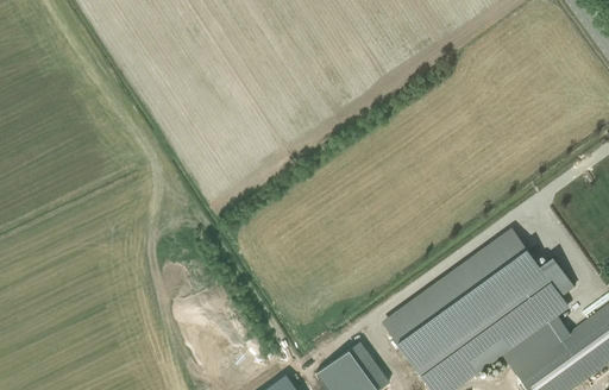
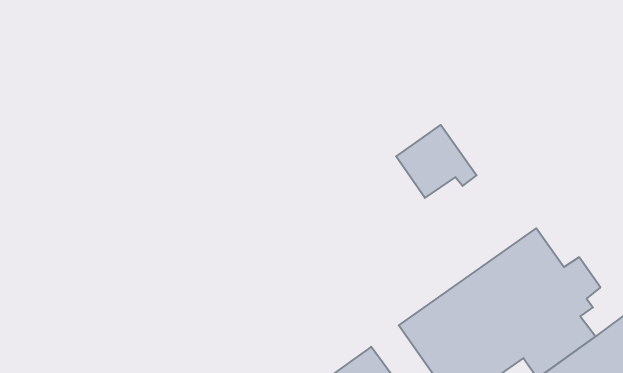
building: none -> [396,125,477,198]

